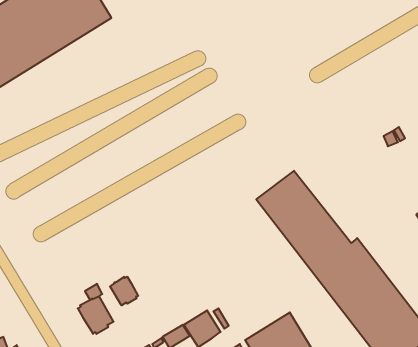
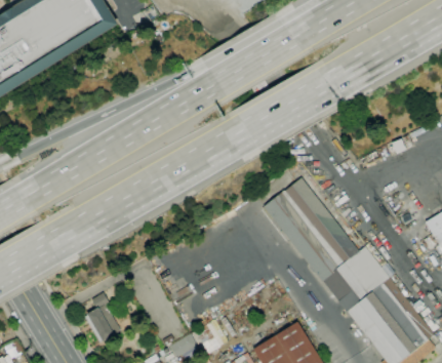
building: [110,277,138,305] -> none

